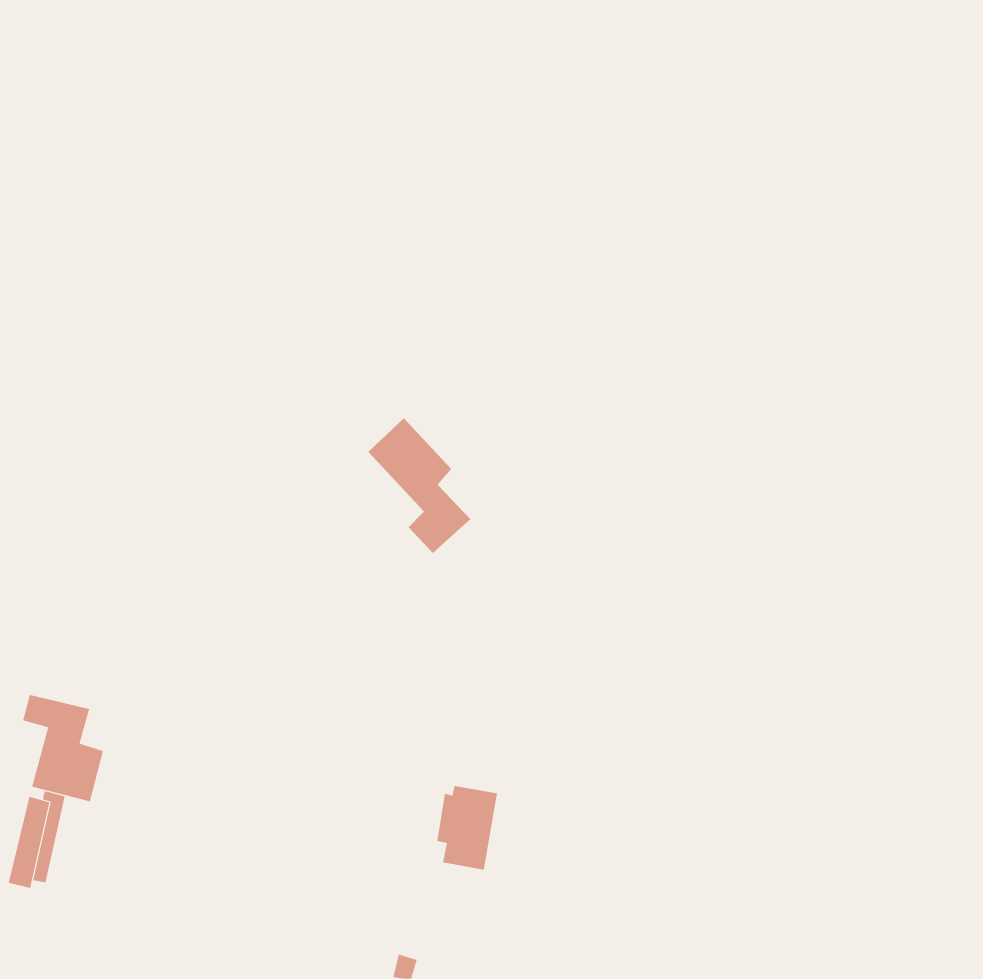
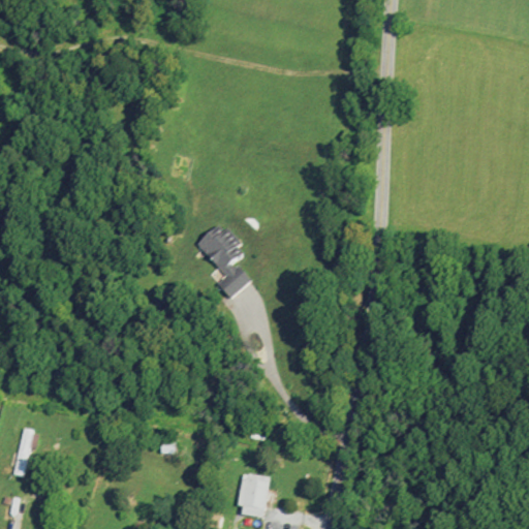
building: [22,694,104,802] -> none
building: [436,786,498,870] -> [239,472,272,518]

